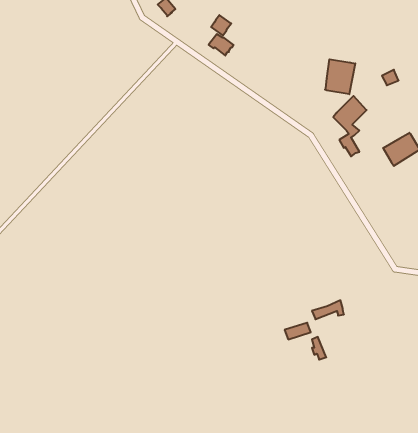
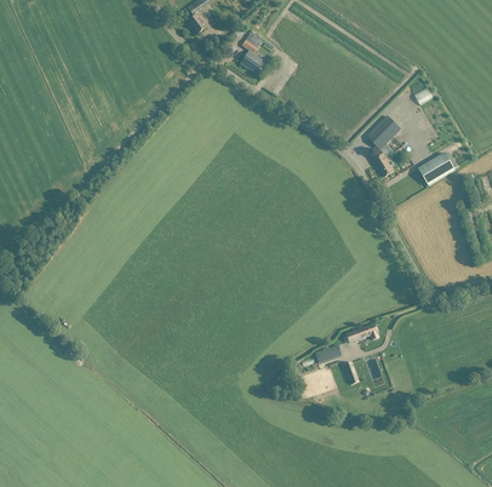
building: [325,59,355,94] -> none

